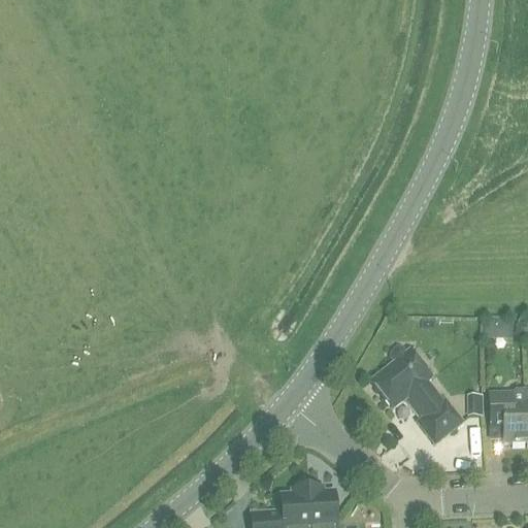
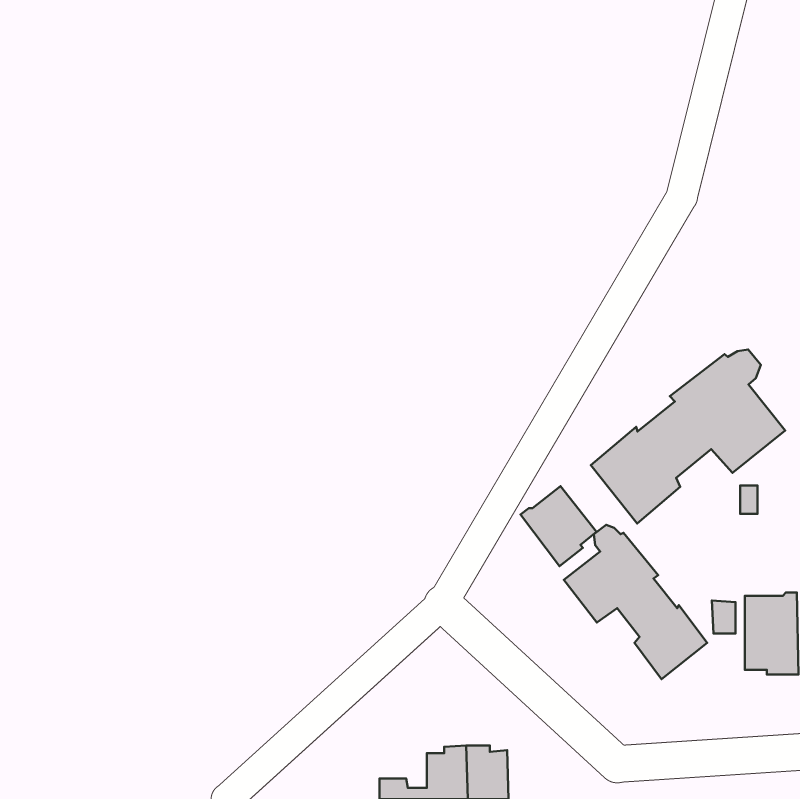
building: none -> [591,350,785,524]
building: none -> [521,486,597,566]

